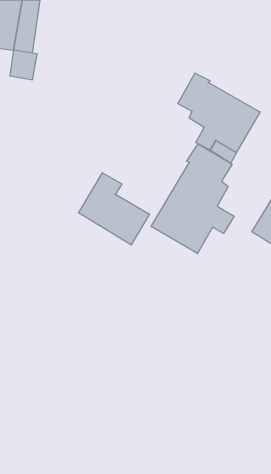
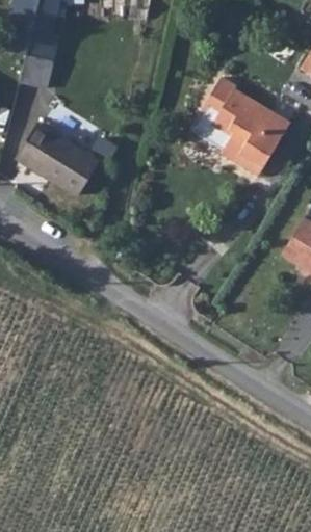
building: [151,144,234,254] -> none
building: [78,173,150,245] -> [22,115,100,194]

